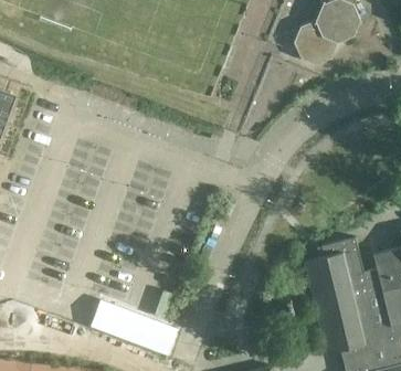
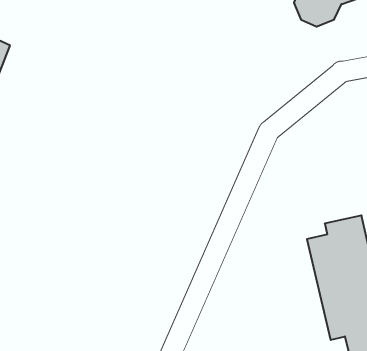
building: [92,301,173,353] -> none

